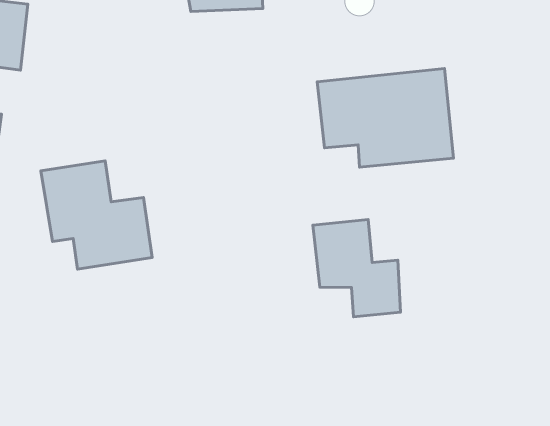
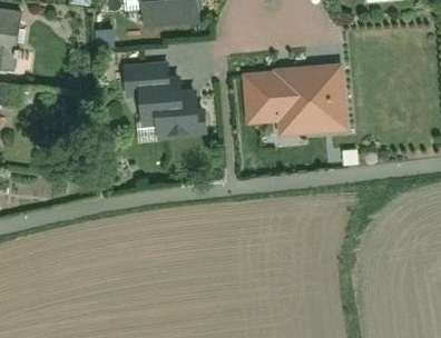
building: [41,161,152,269] -> [122,57,207,139]
building: [313,220,401,317] -> none

